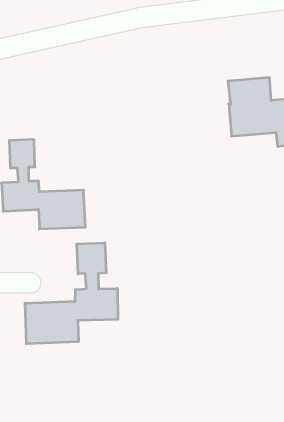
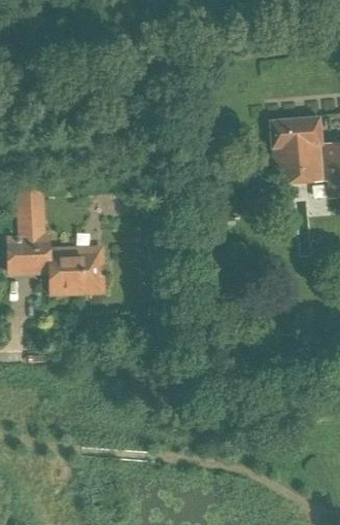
building: [25,243,118,344] -> none

